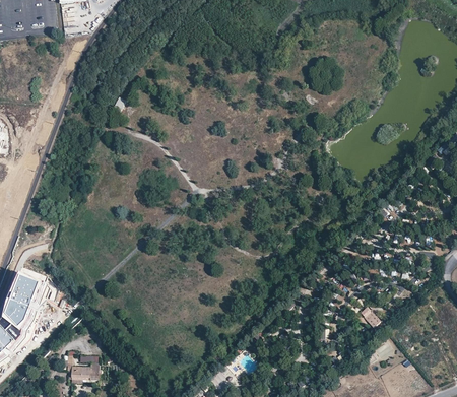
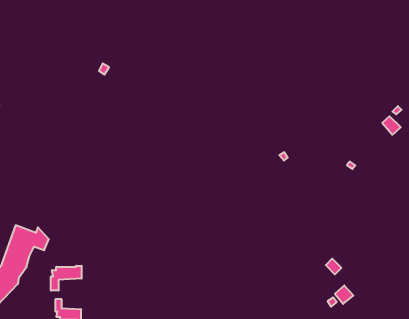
building: none -> [51,266,82,291]

